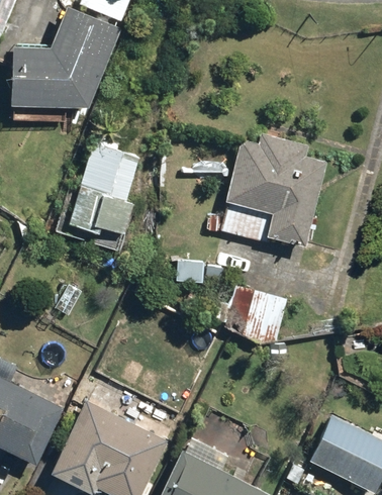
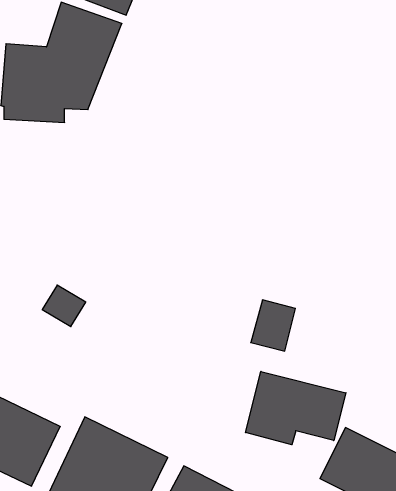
building: [220,135,324,246] -> none
building: [77,143,141,234] -> none
building: none -> [246,371,346,445]

